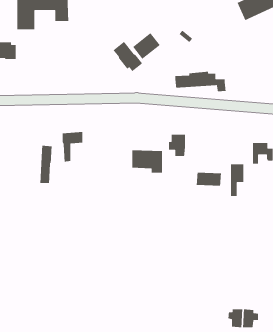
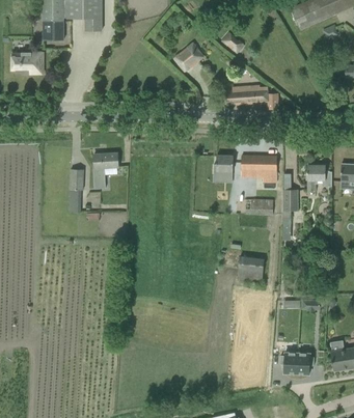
building: [112,41,143,72] -> none
building: [131,150,163,174] -> [241,156,276,183]
building: none -> [237,257,263,284]

